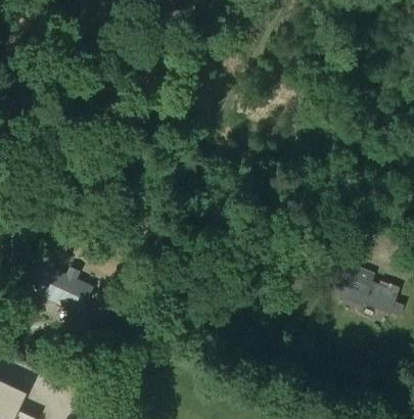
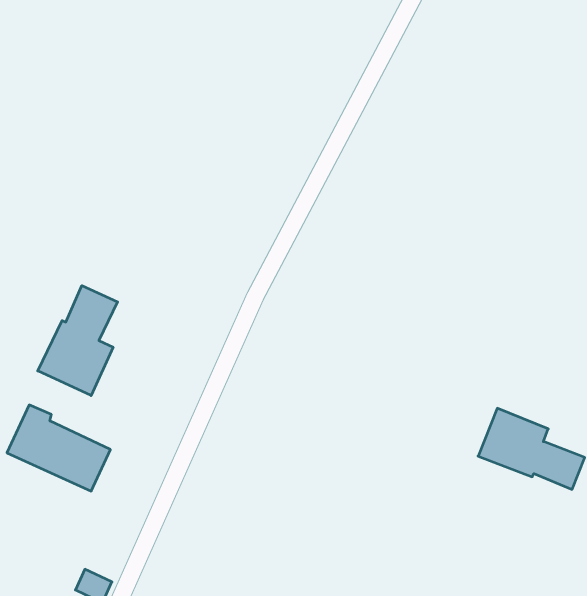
building: none -> [38,286,118,396]

